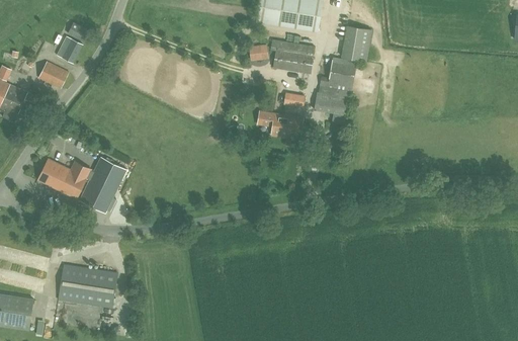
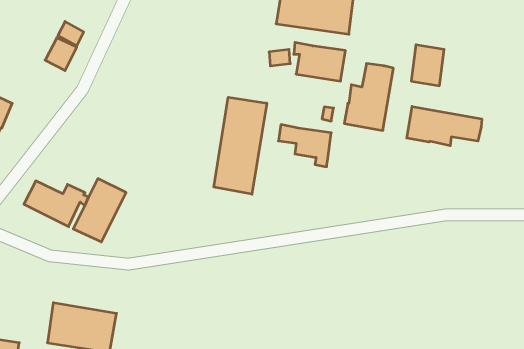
building: [342,25,370,61] -> [411,45,444,86]
building: [37,61,69,89] -> none
building: none -> [214,97,267,194]
building: none -> [407,106,482,146]

